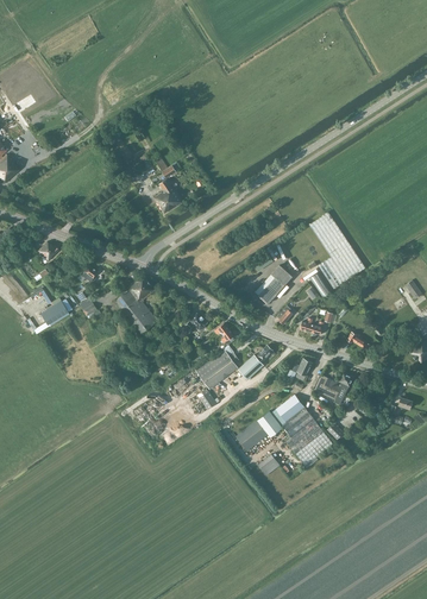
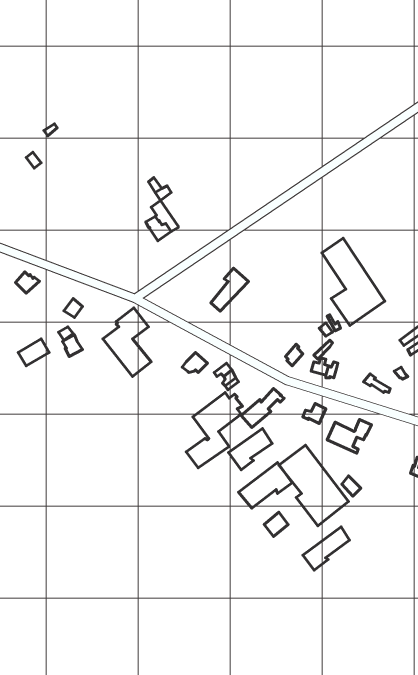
building: [259,265,293,303] -> [211,268,248,311]
building: none -> [228,428,272,470]
building: none -> [303,527,350,570]

